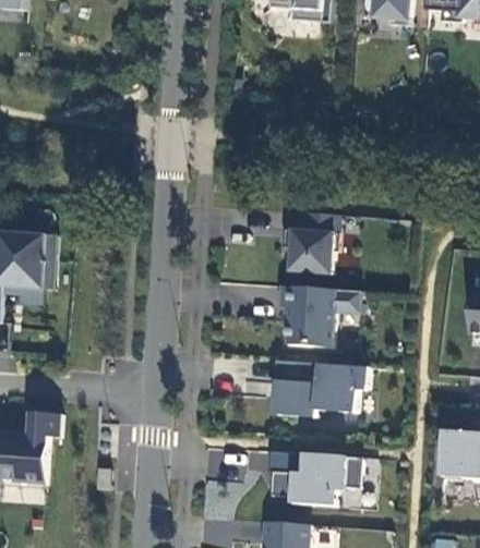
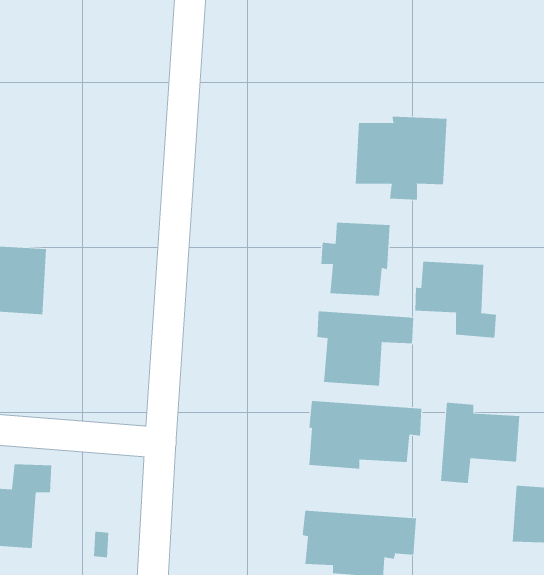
building: none -> [355,116,447,201]
building: none -> [415,261,497,338]
building: none -> [441,402,520,484]

